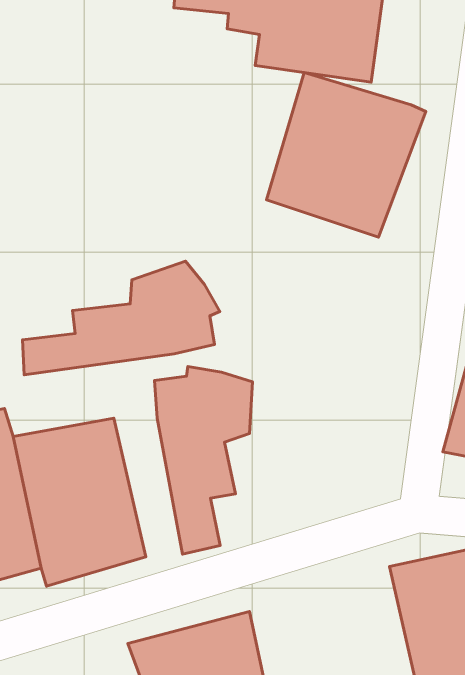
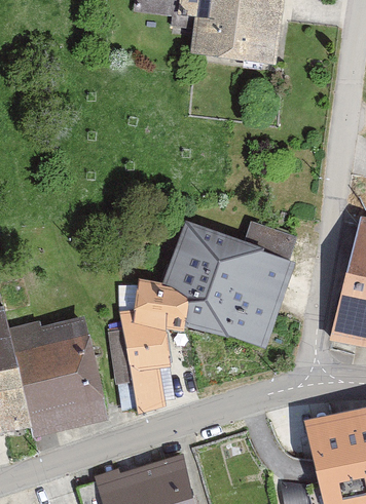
building: [266,72,426,237] -> none
building: [22,261,220,375] -> none
building: none -> [164,216,302,351]

